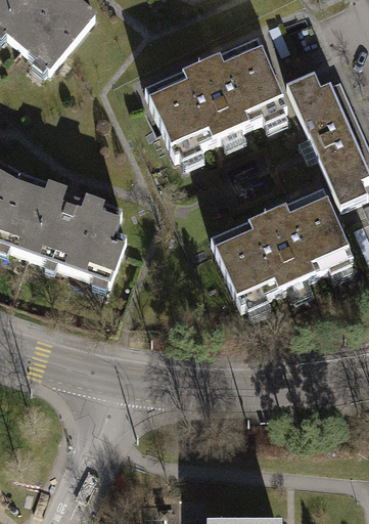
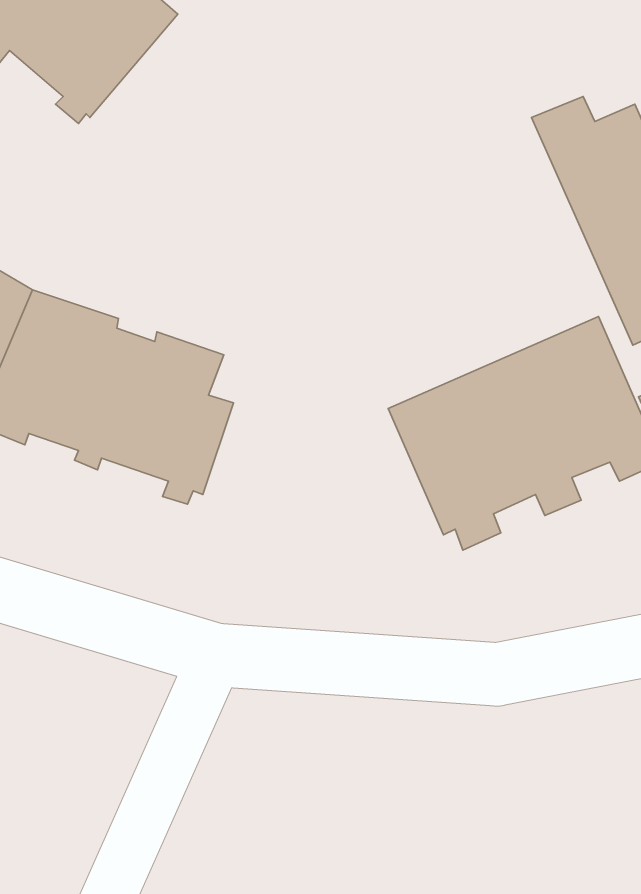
building: [144,39,287,164] -> none

